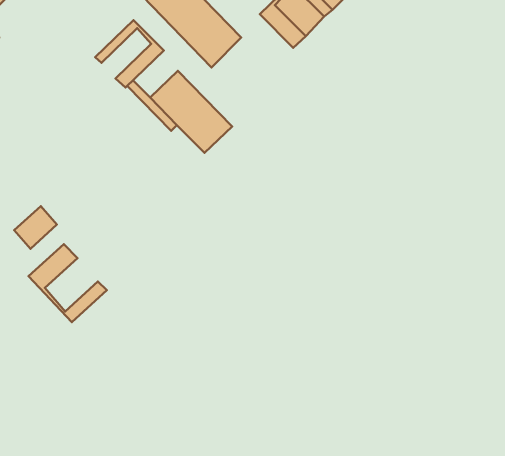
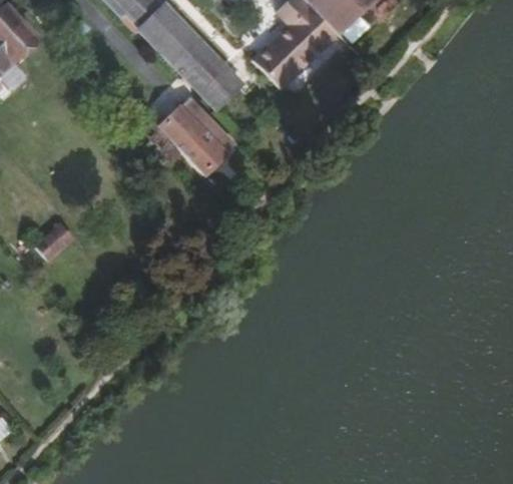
building: [95,20,164,87] -> none
building: [29,244,107,322] -> none

